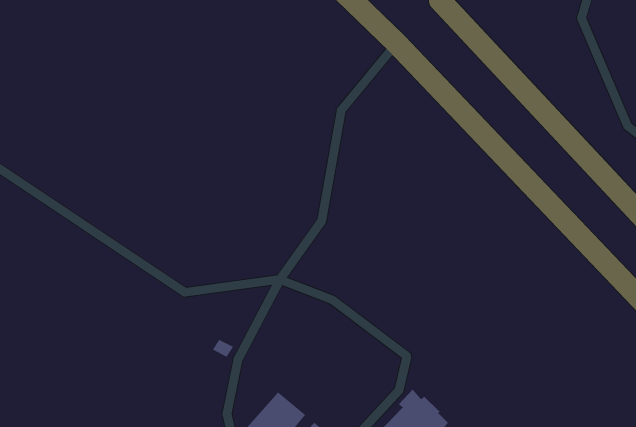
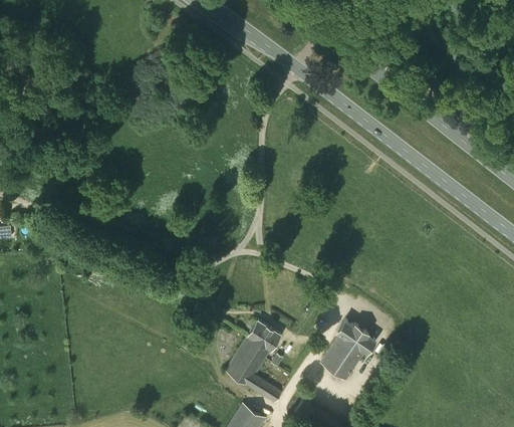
building: none -> [247,321,280,351]

